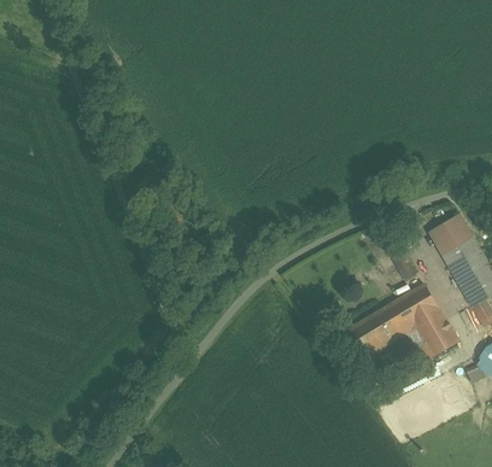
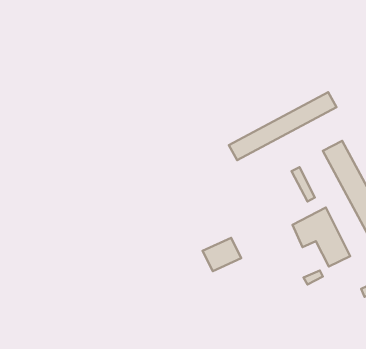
building: none -> [229,92,336,160]
building: [350,309,396,349] -> [203,238,241,271]

